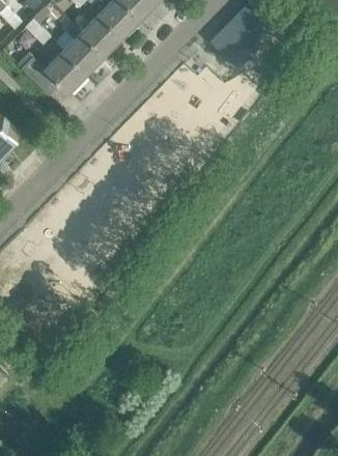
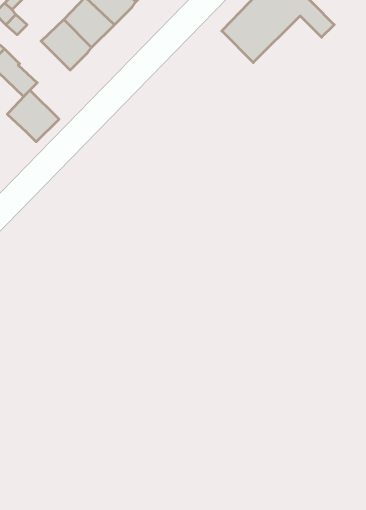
building: [45,50,87,92] -> [7,90,59,142]

